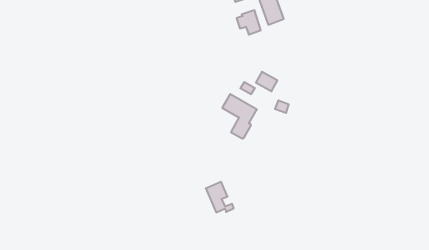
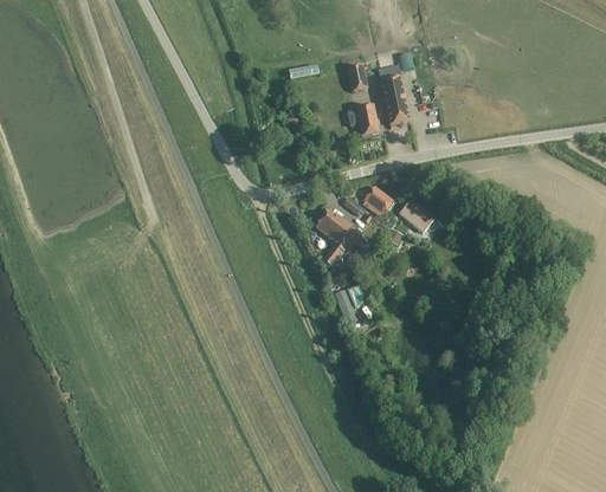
building: none -> [399,198,433,232]
building: [206,182,234,212] -> [336,284,369,324]

